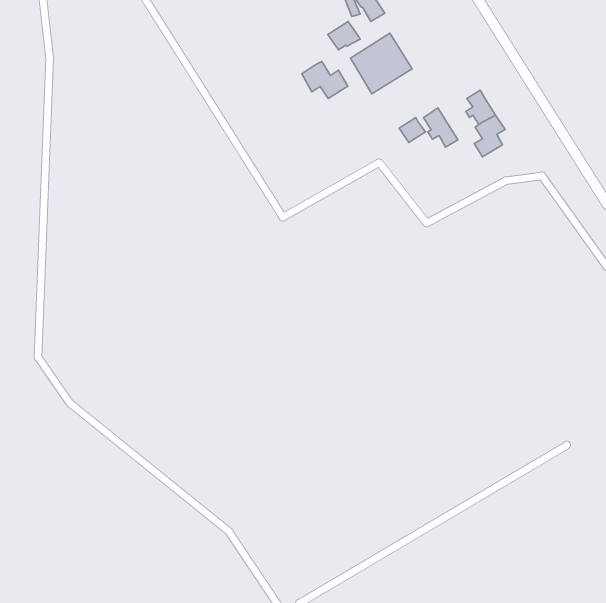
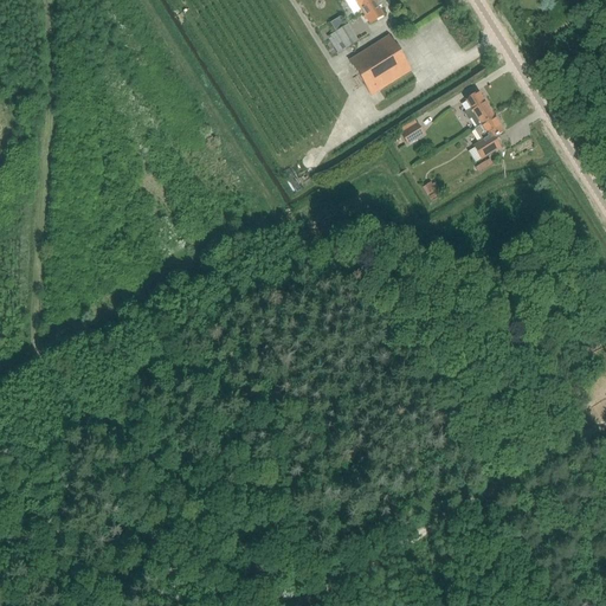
building: [302,61,348,99] -> none
building: [424,108,458,147] -> none

